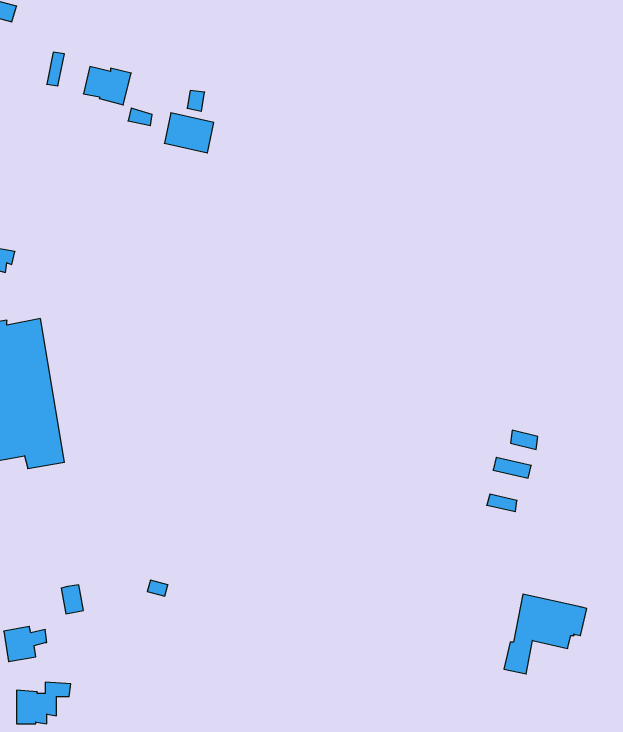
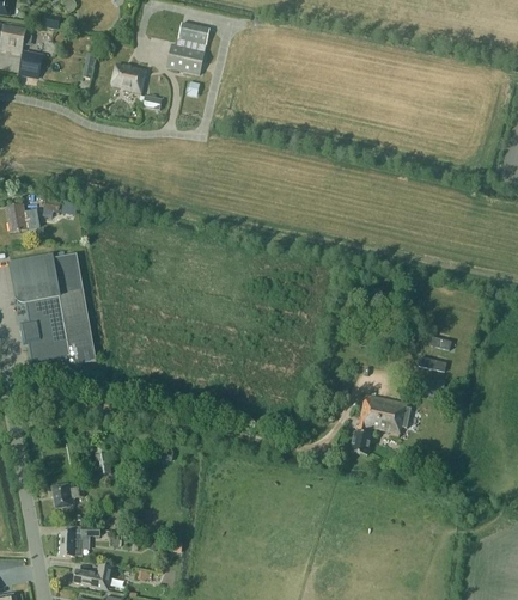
building: none -> [176,20,208,43]
building: [164,113,214,153] -> [165,41,202,71]
building: [504,594,587,674] -> [349,396,412,455]

